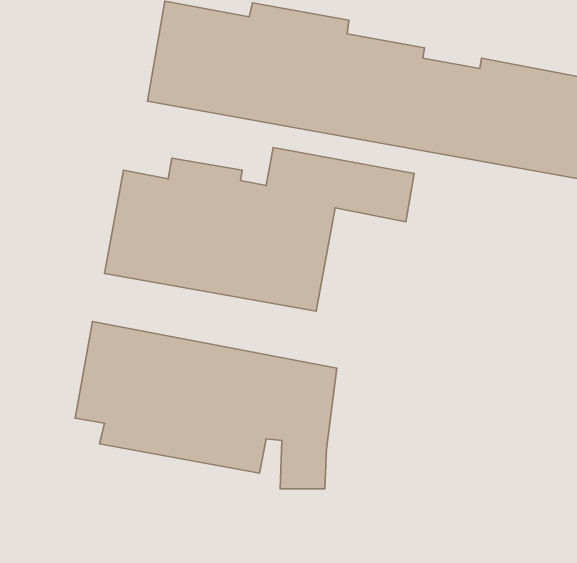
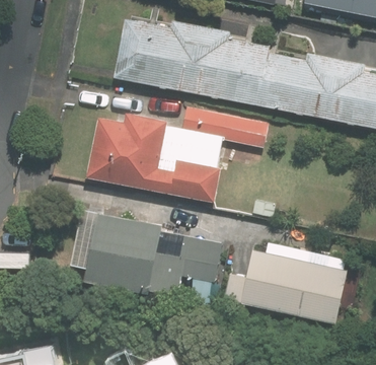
building: none -> [222,243,346,324]

